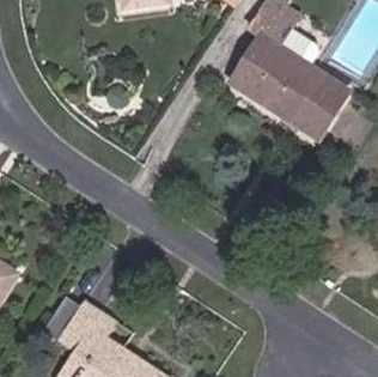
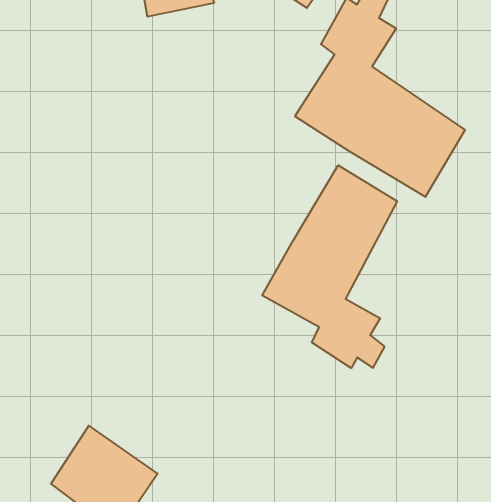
building: none -> [262,165,397,368]

